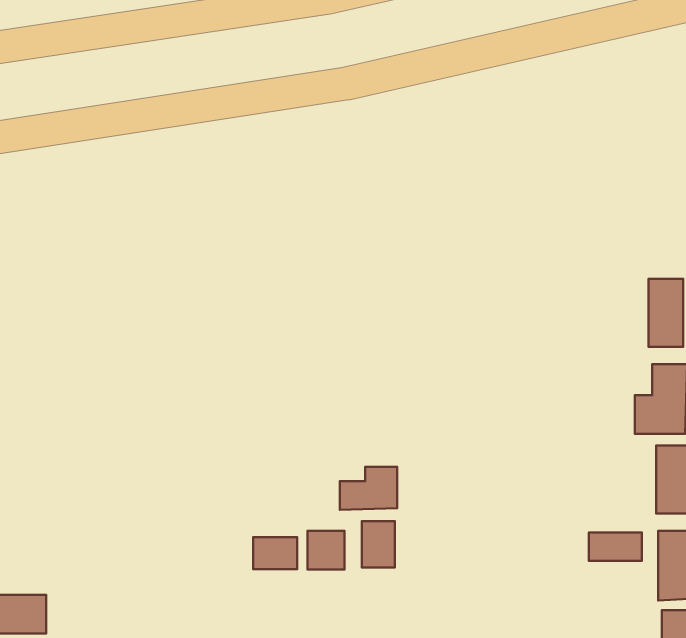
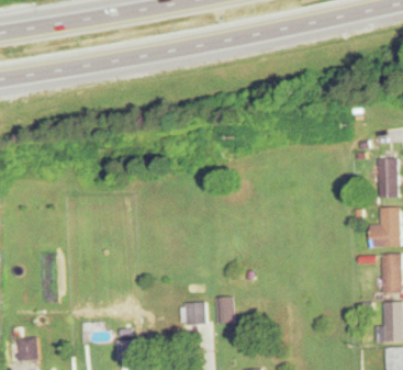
building: [340,467,397,510] -> none
building: [589,533,642,561] -> none
building: [253,537,297,569] -> none

